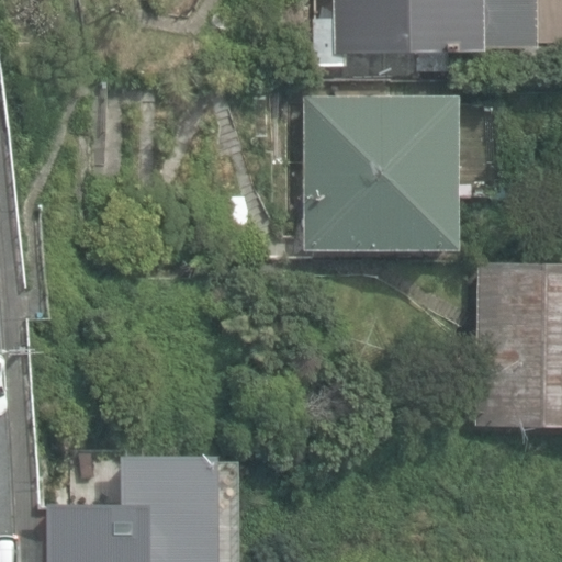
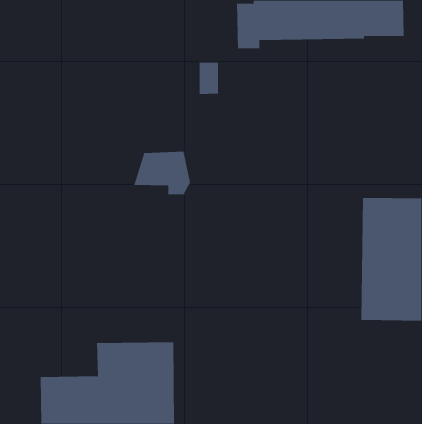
building: [284,95,458,258] -> none

